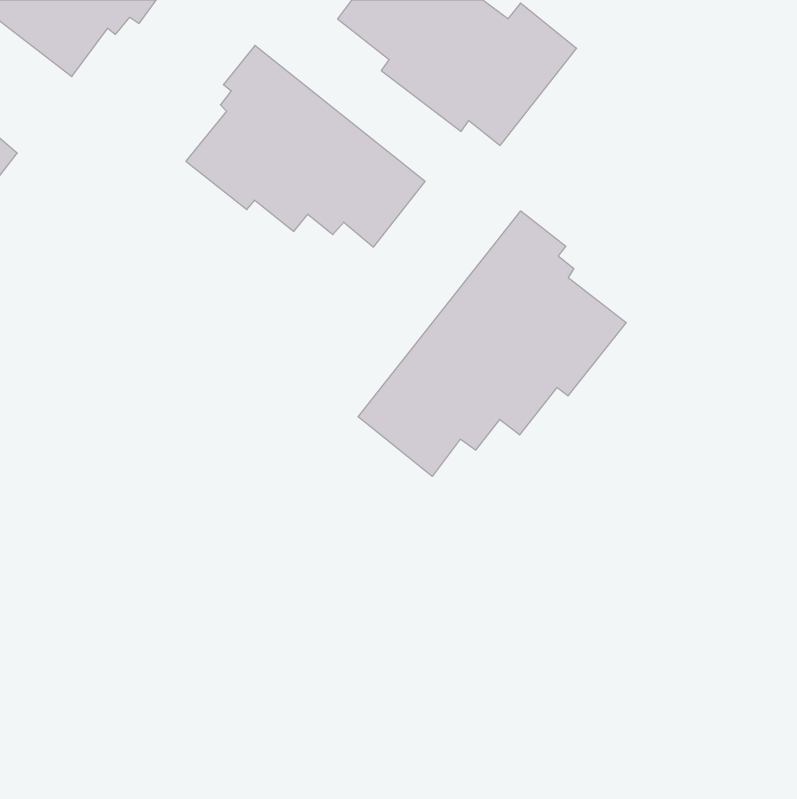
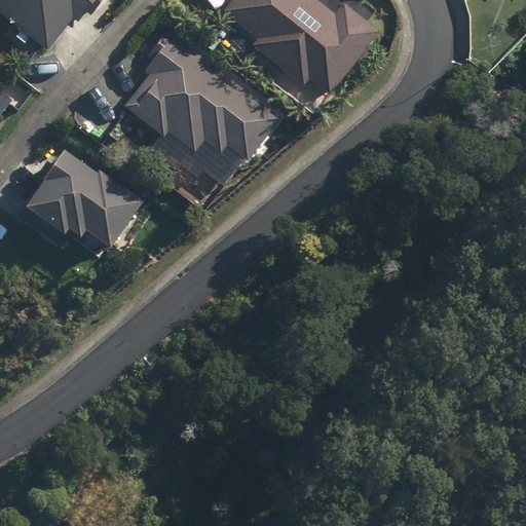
building: [358,211,626,476] -> none
building: none -> [16,151,142,248]

